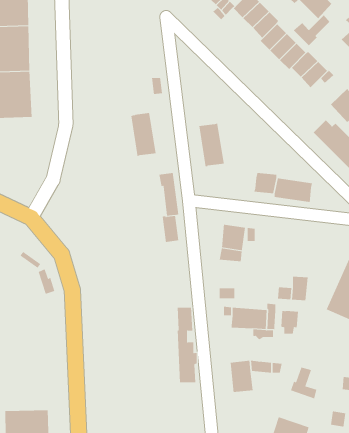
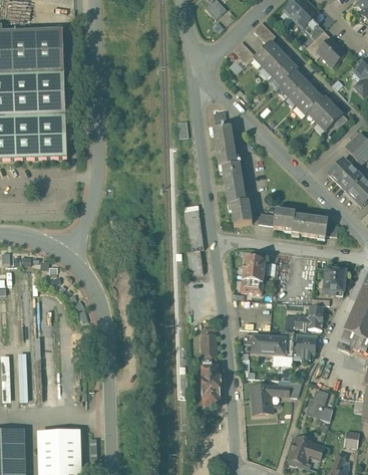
building: [293,15,330,46] -> none
building: [130,112,156,157] -> [213,126,237,167]
building: none -> [231,200,252,224]
building: none -> [324,267,346,295]

